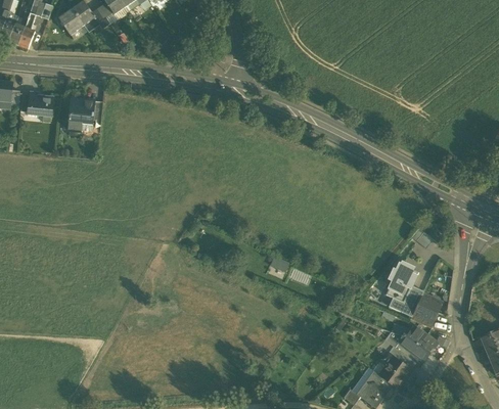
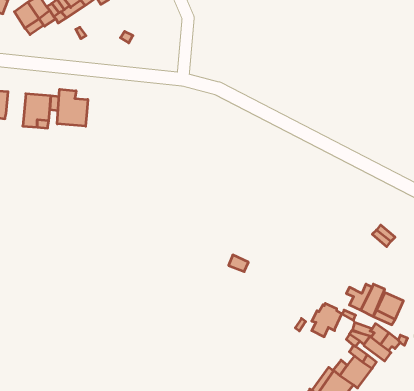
building: none -> [57,89,88,126]
building: [388,262,417,294] -> [312,303,342,337]

